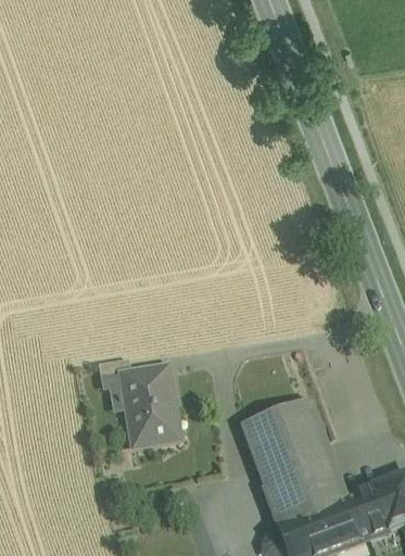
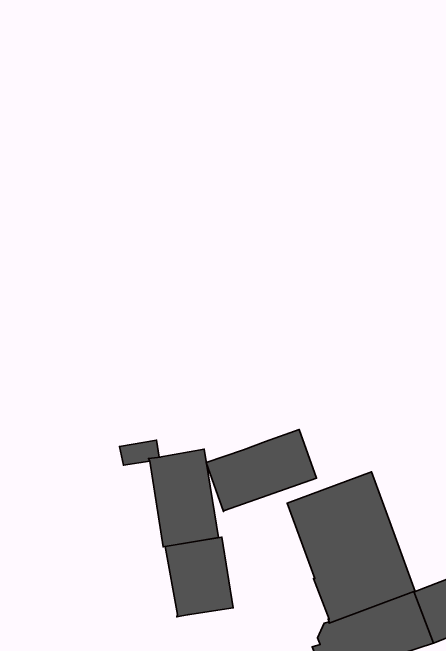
building: none -> [206,429,316,511]
building: none -> [165,537,233,617]

